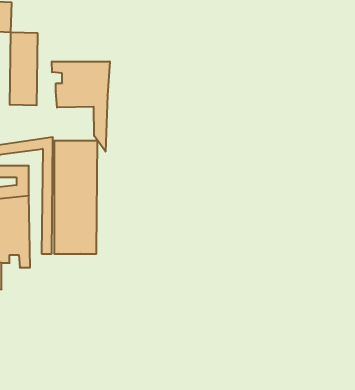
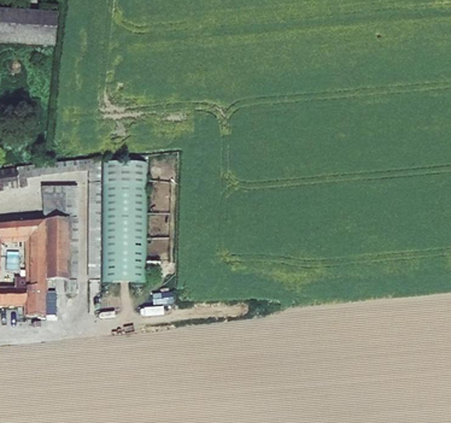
building: [10,32,37,105] -> none
building: [52,61,110,152] -> none

